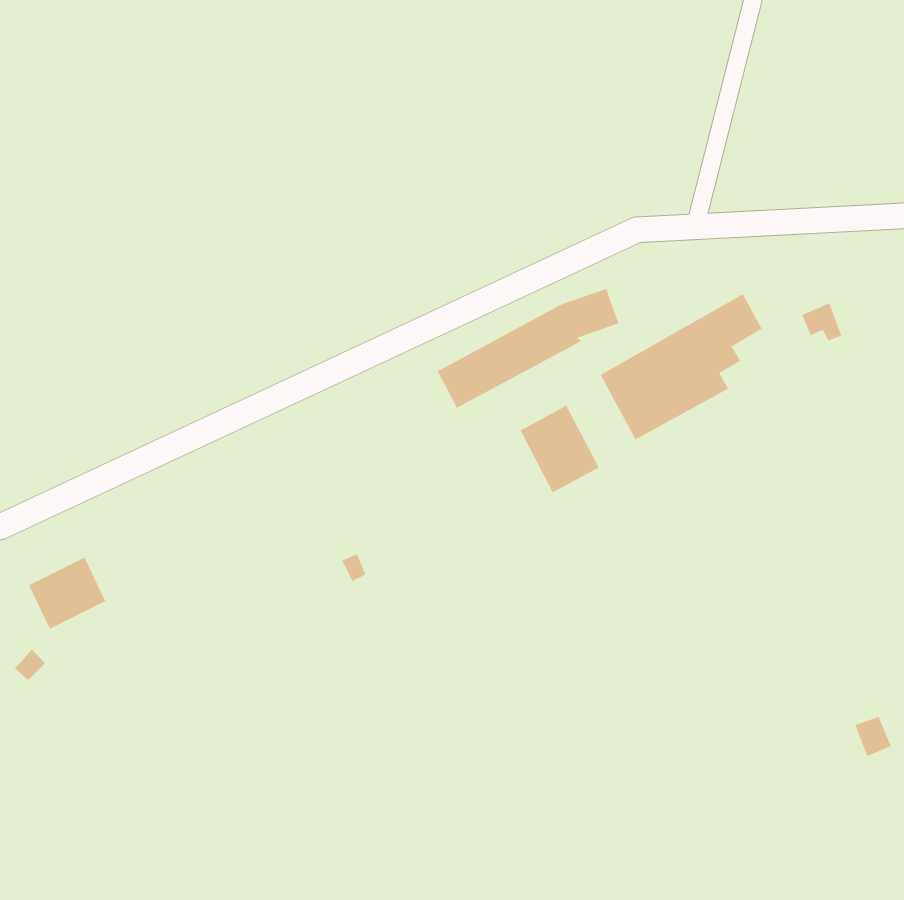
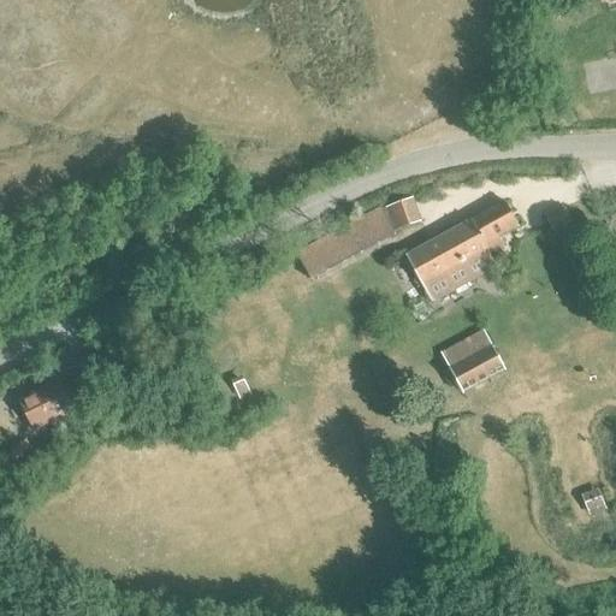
building: [520,405,599,493] -> none
building: none -> [440,328,505,392]

